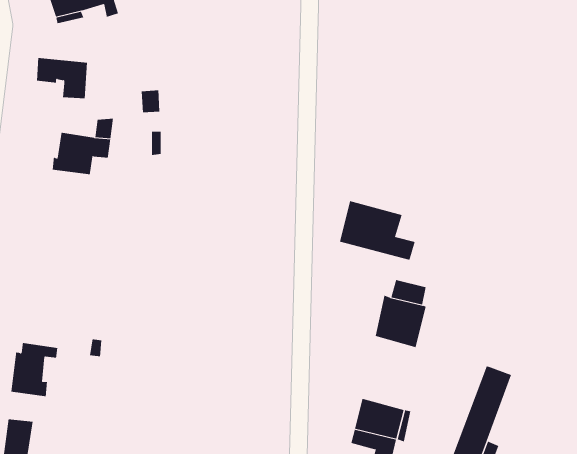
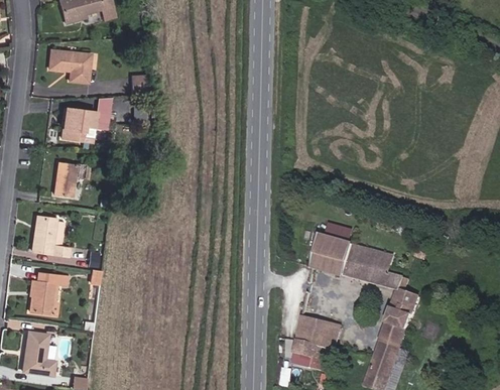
building: [339,201,415,260] -> [346,244,405,290]
building: none -> [54,162,76,197]
building: none -> [32,216,71,255]

